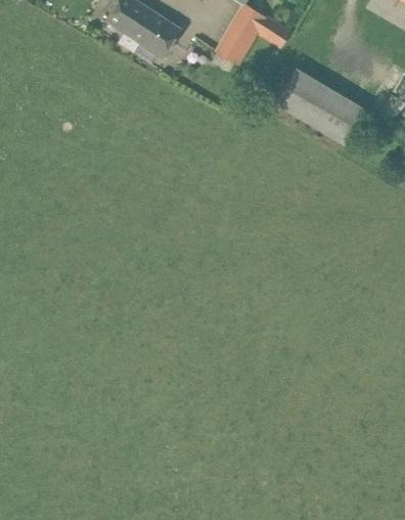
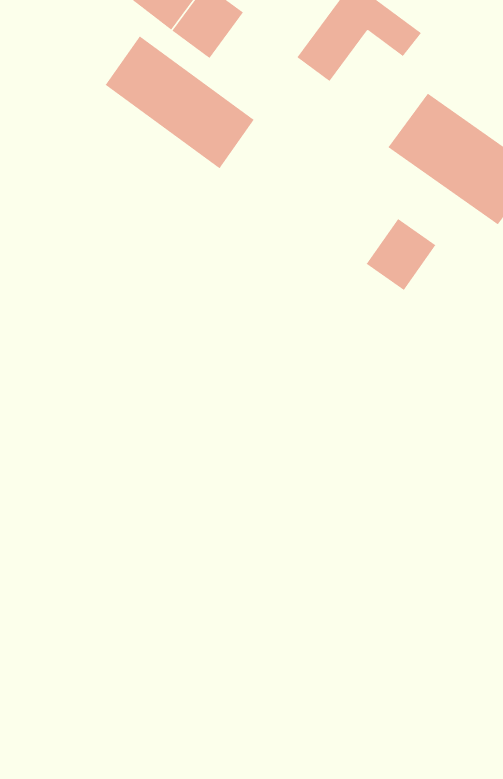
building: none -> [105,35,254,169]
building: none -> [366,218,436,291]

